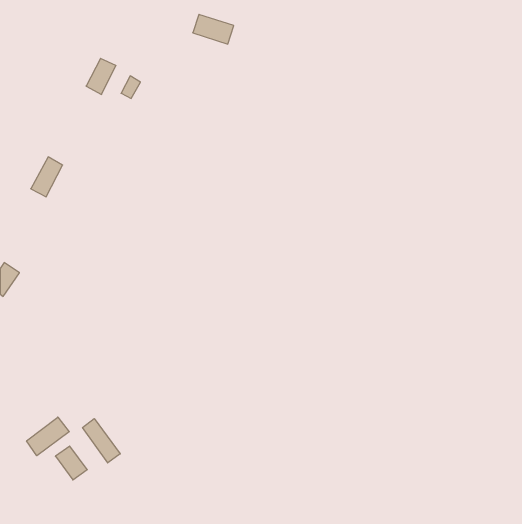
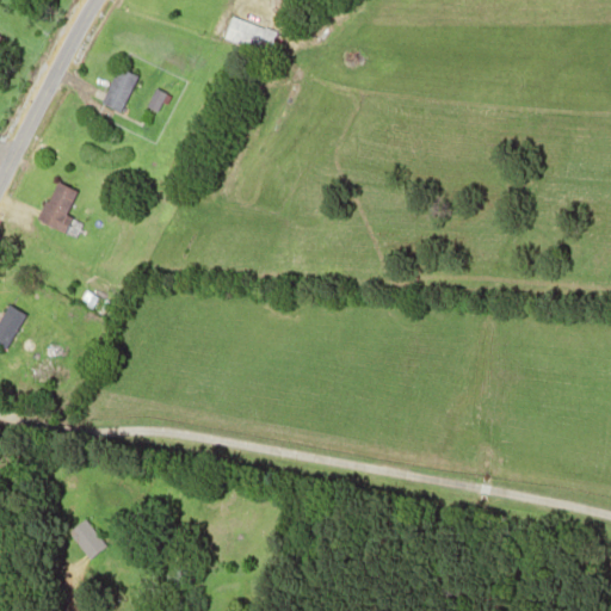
building: [27,417,69,456] -> none
building: [83,419,120,463] -> none

